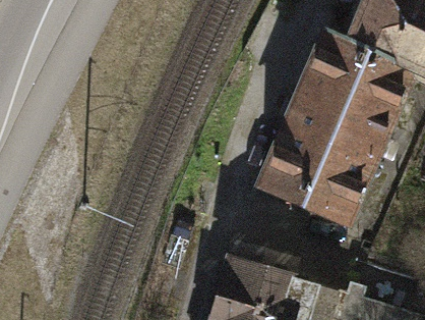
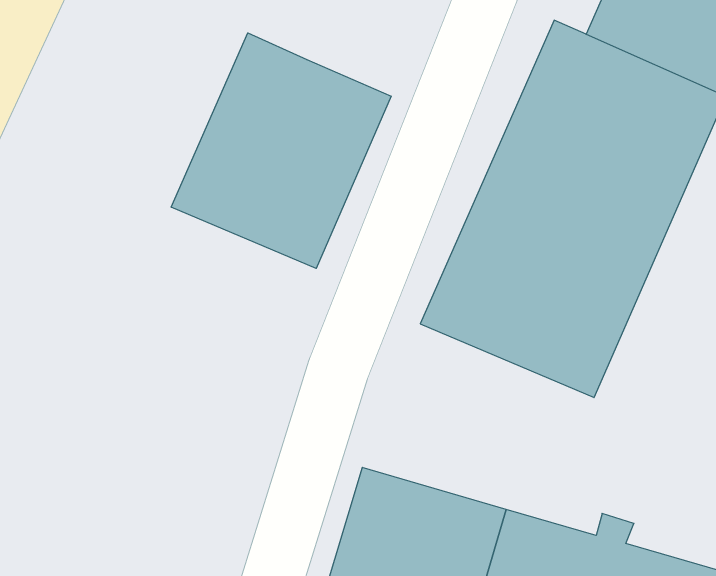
building: none -> [171,33,391,268]

